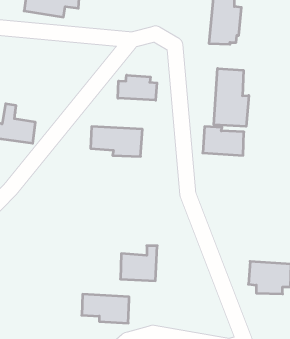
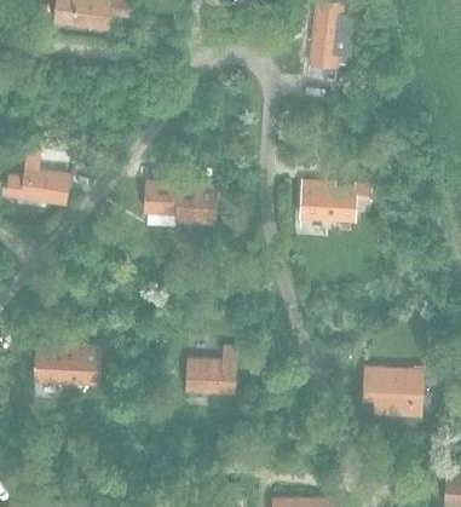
building: [214,68,249,126] -> none
building: [118,75,157,100] -> none
building: [82,294,129,323] -> [35,345,100,385]

